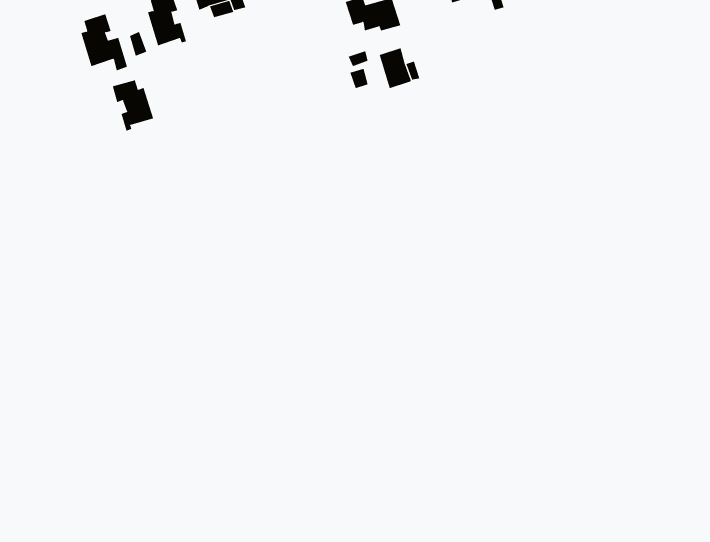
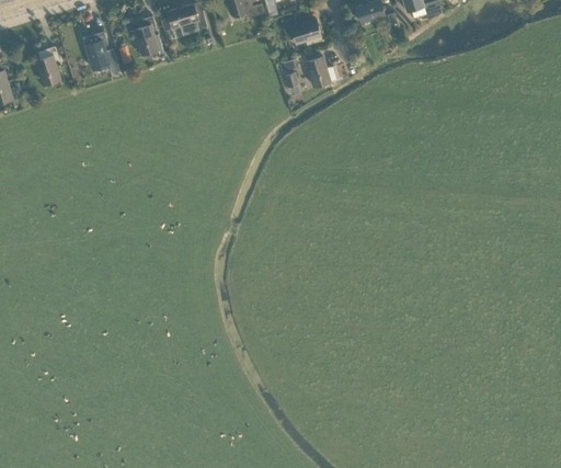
building: none -> [35,46,60,84]
building: [112,80,154,132] -> none

